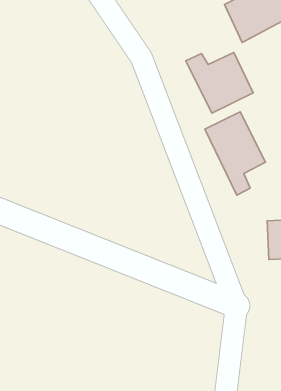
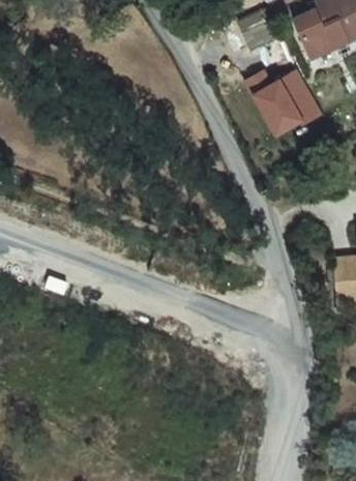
building: [205,112,265,195] -> none

